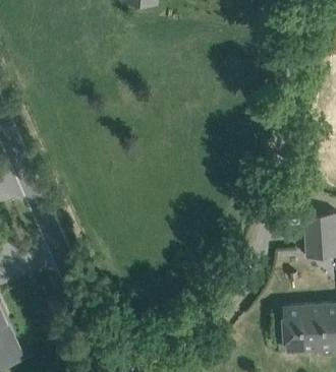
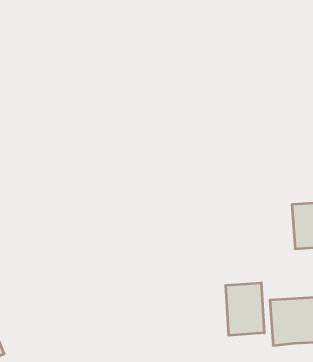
building: none -> [226,283,264,335]

